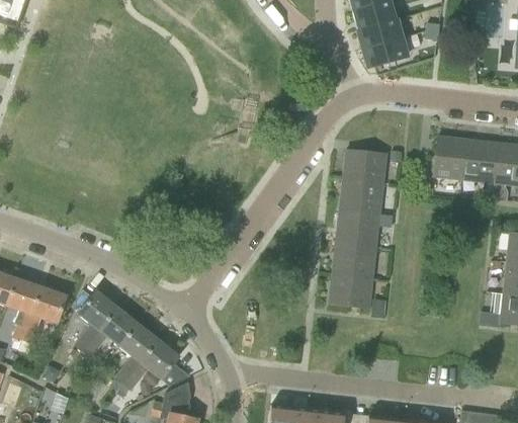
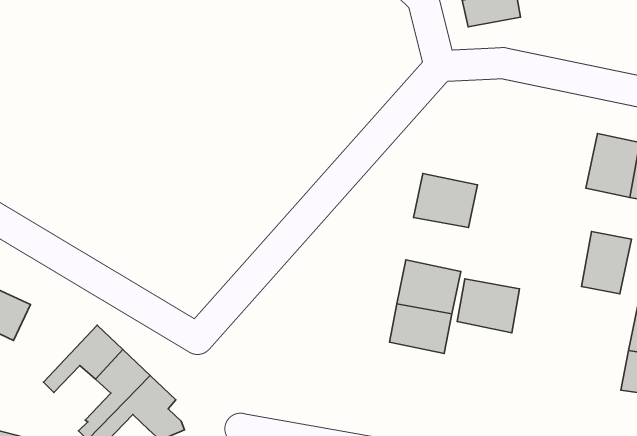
building: [435,135,468,178] -> [582,232,631,294]
building: [344,148,387,182] -> none
building: [337,209,380,246] -> [457,279,520,333]
building: [73,290,116,351] -> none

